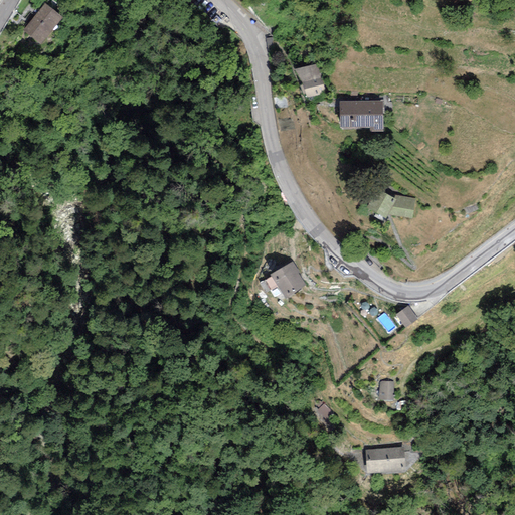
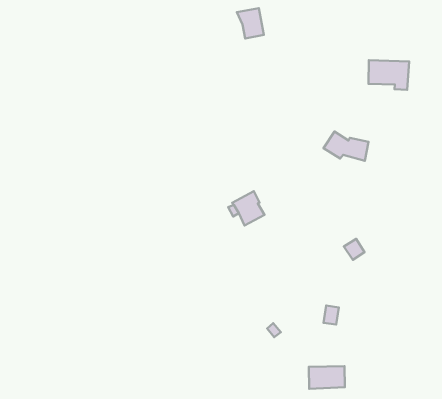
building: [295,62,326,97] -> [237,8,264,38]
building: [339,100,383,131] -> [368,60,409,90]

